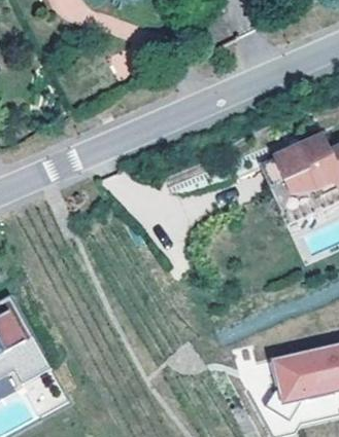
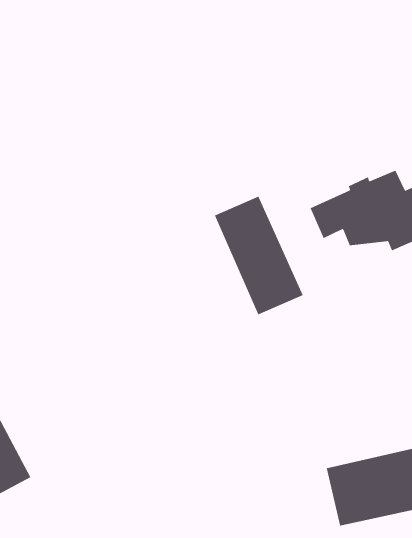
building: none -> [214,196,304,316]

